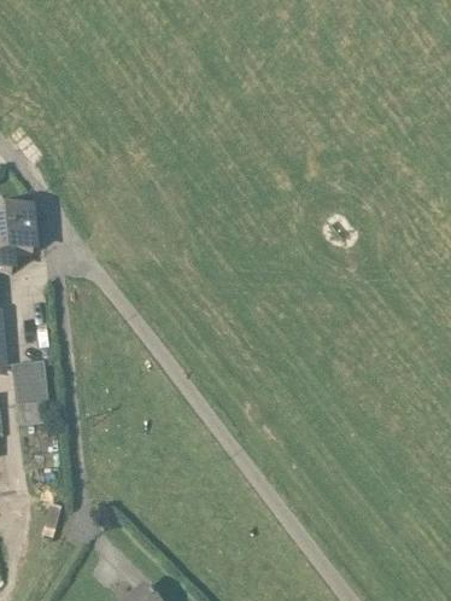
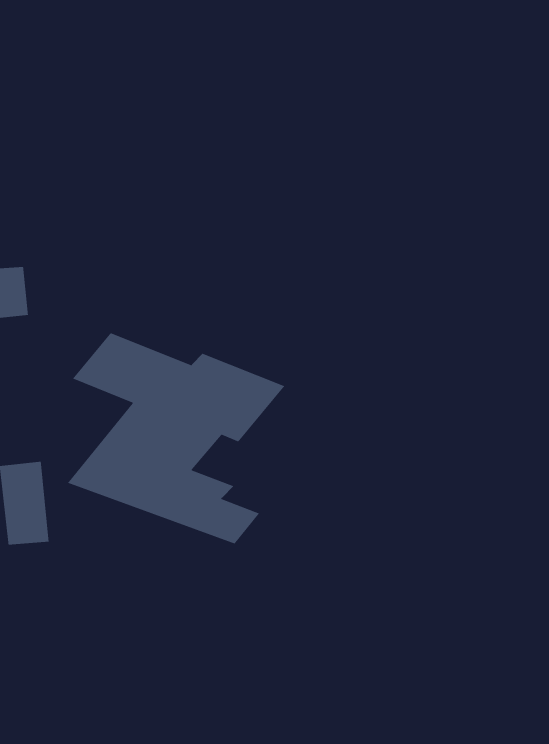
building: none -> [67,332,285,545]

